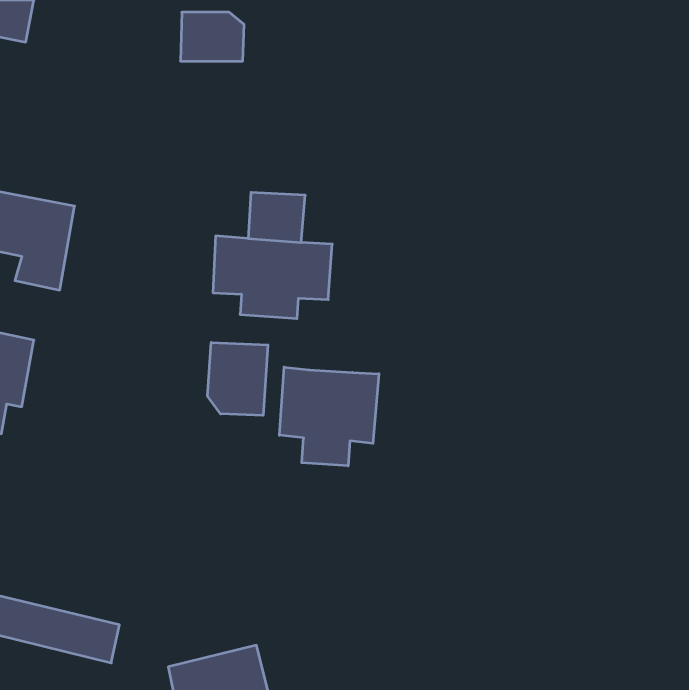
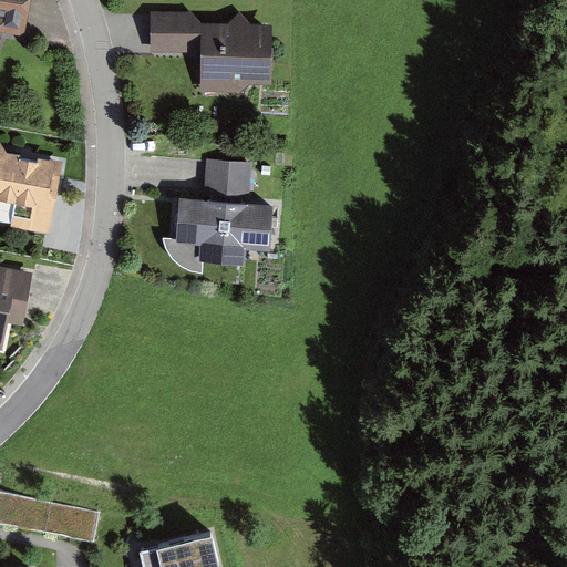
building: none -> [198,12,270,93]
building: [208,342,268,415] -> none
building: [279,367,379,466] -> none

